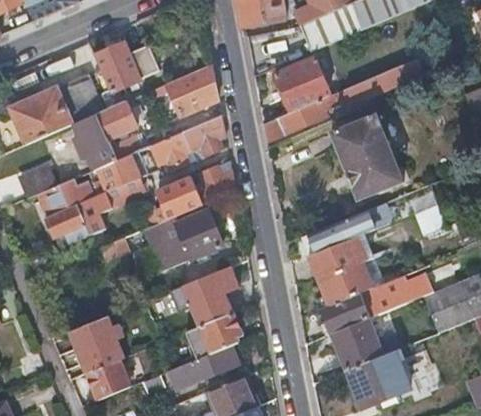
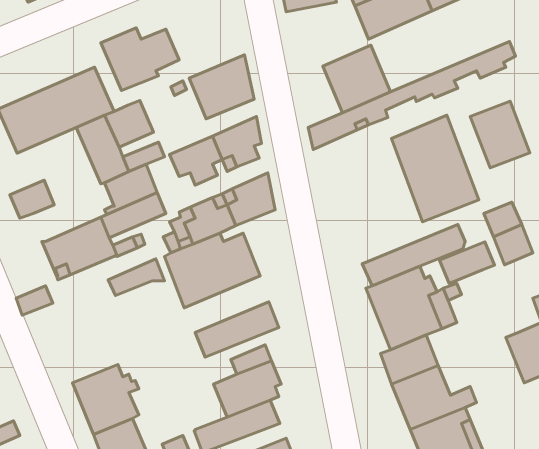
building: none -> [470,101,530,168]
building: [38,178,98,216] -> none
building: [388,271,433,305] -> [439,242,495,283]

